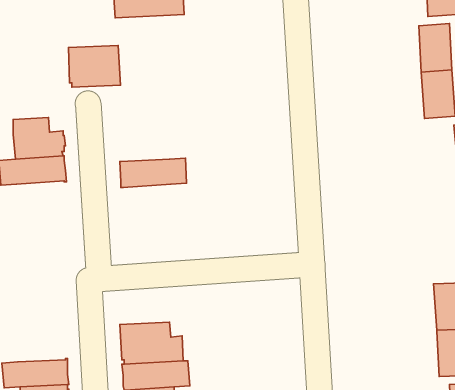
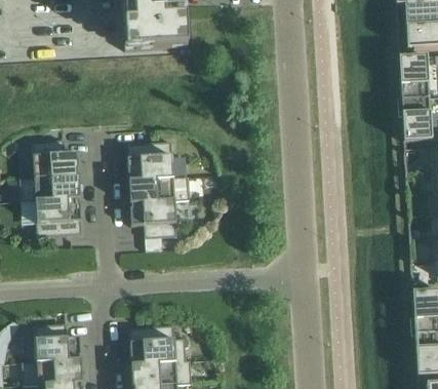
building: [68,45,121,87] -> [126,142,173,180]
building: none -> [35,197,82,236]
building: none -> [129,200,176,238]
building: none -> [34,323,81,361]

